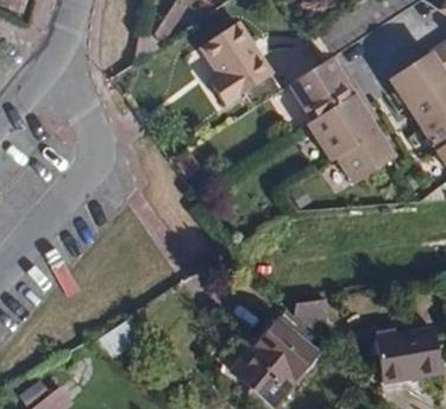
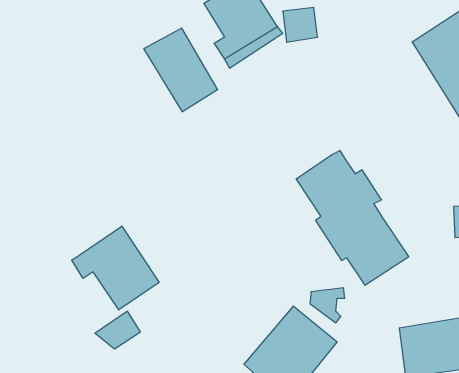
building: [289,57,392,181] -> [296,151,409,285]
building: none -> [144,28,218,112]
building: none -> [72,226,159,310]

